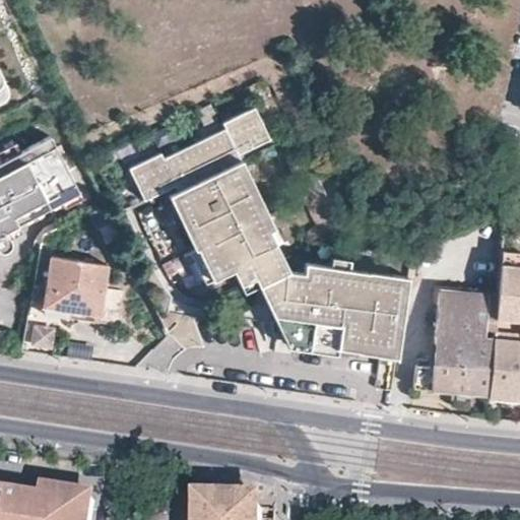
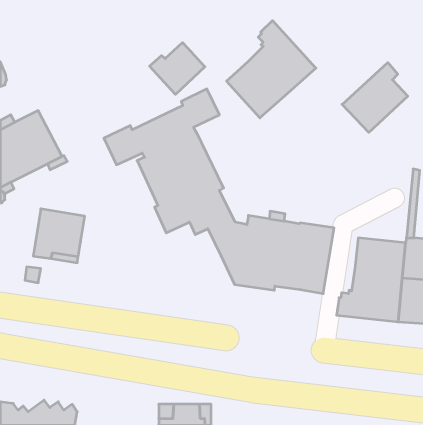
building: none -> [227,21,316,118]
building: none -> [150,43,205,94]
building: none -> [342,63,408,132]

